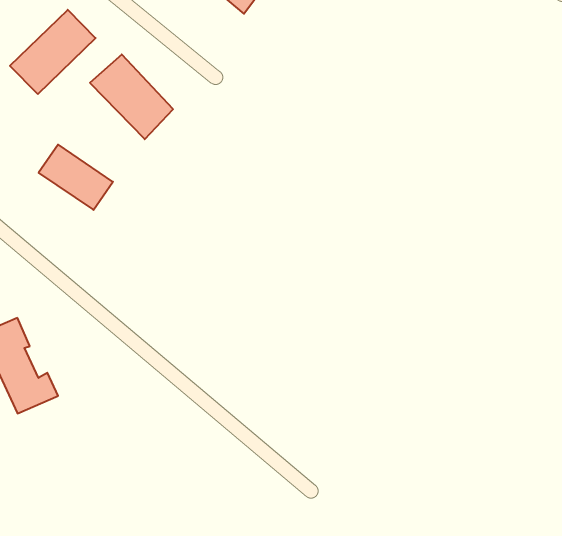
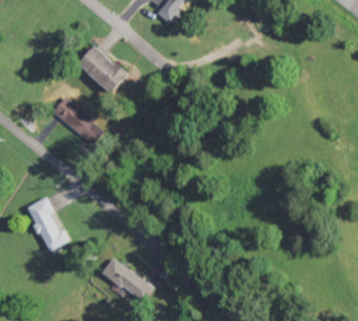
building: [10,10,96,94] -> none
building: none -> [98,257,147,302]

